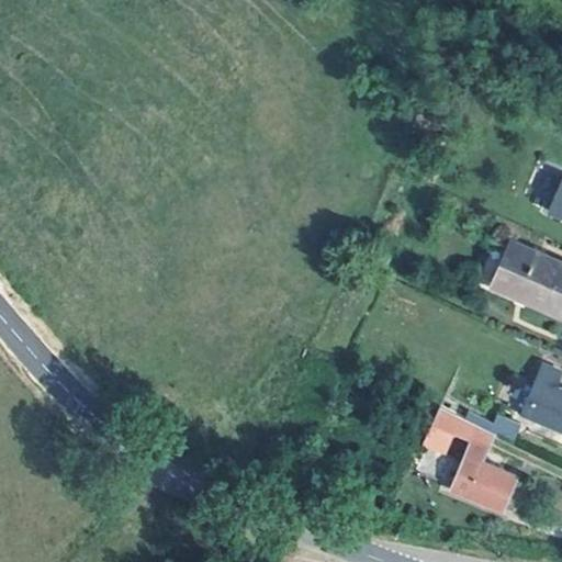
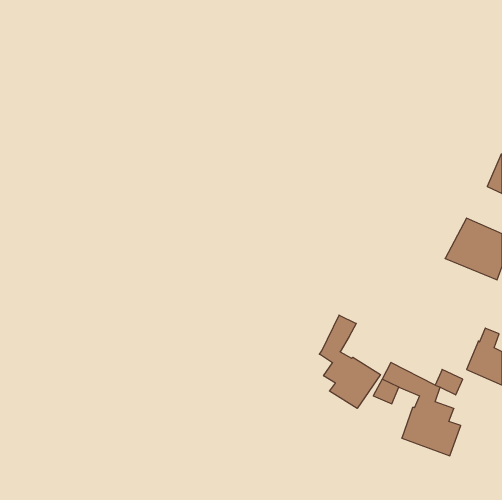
building: none -> [319,315,380,408]

